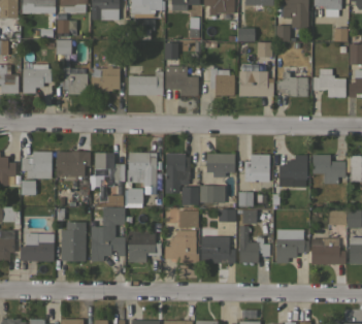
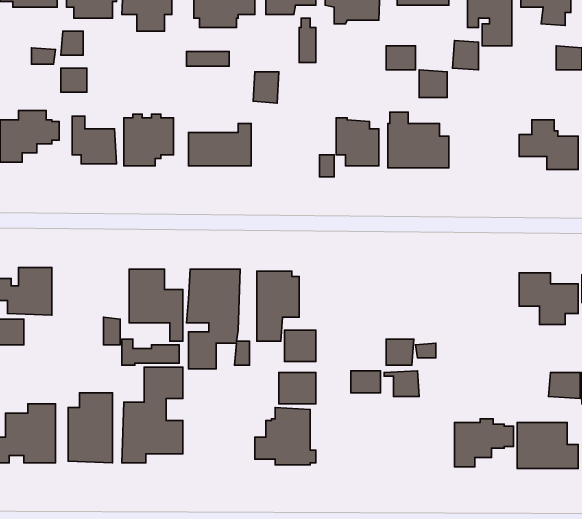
building: [165,66,198,96] -> none
building: [276,71,308,96] -> none
building: [56,151,90,179] -> none
building: [206,154,235,177] -> none
building: [244,155,269,182] -> none
building: [273,155,307,187] -> none
building: [200,186,225,202] -> none
building: [239,226,270,263] -> none
building: [129,231,162,262] -> none
building: [201,236,235,263] -> none

